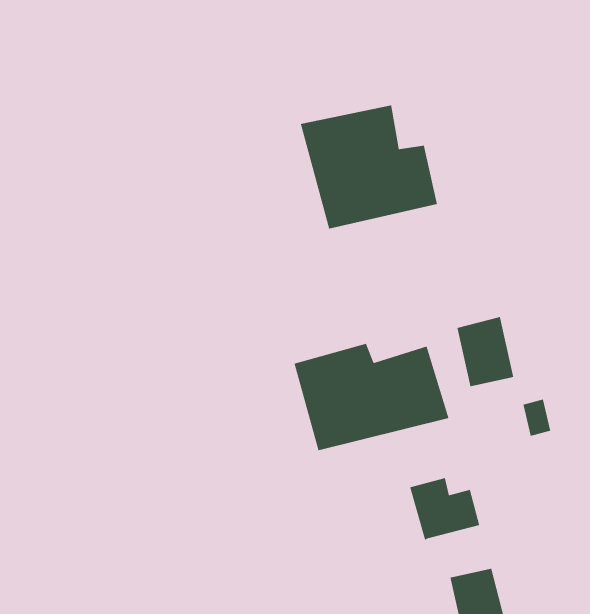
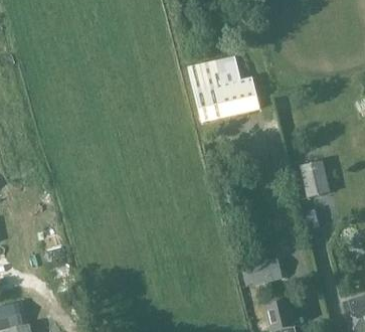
building: [456,316,514,387] -> [300,160,330,197]
building: [294,343,450,451] -> none

